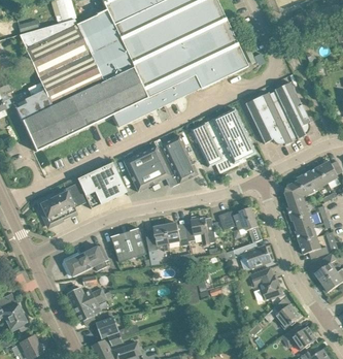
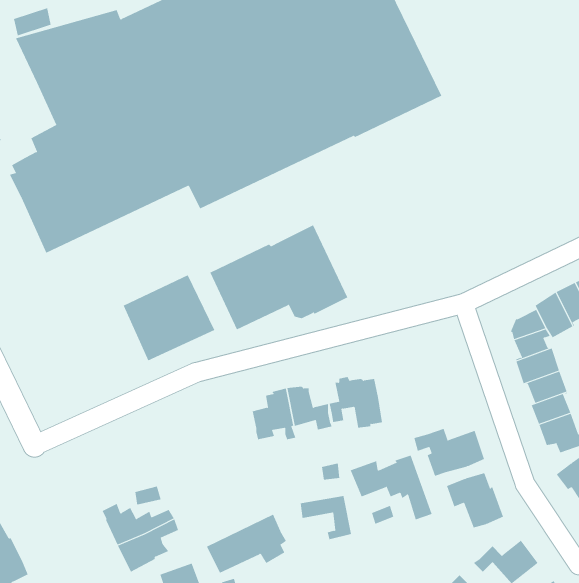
building: [244,81,309,145] -> none
building: [190,108,254,172] -> none
building: [36,183,84,226] -> none
building: [217,207,262,242] -> [350,455,432,520]
building: [110,228,146,262] -> none
building: [65,244,108,276] -> [206,514,287,574]

